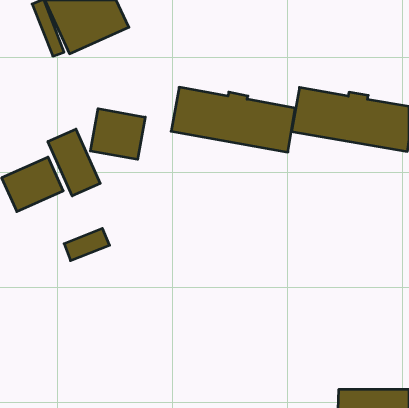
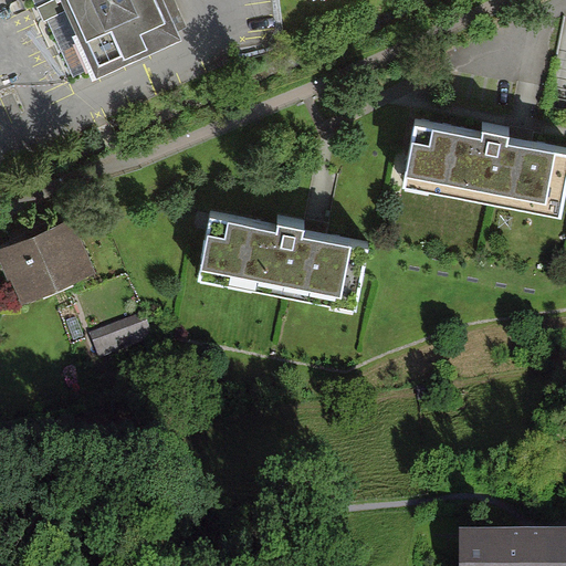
building: [171,87,295,152] -> [198,213,369,303]
building: [90,109,145,159] -> none
building: [48,129,100,196] -> none

